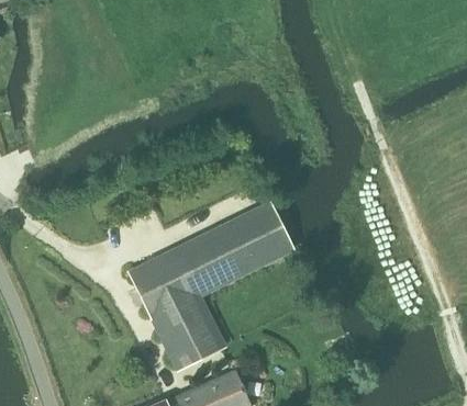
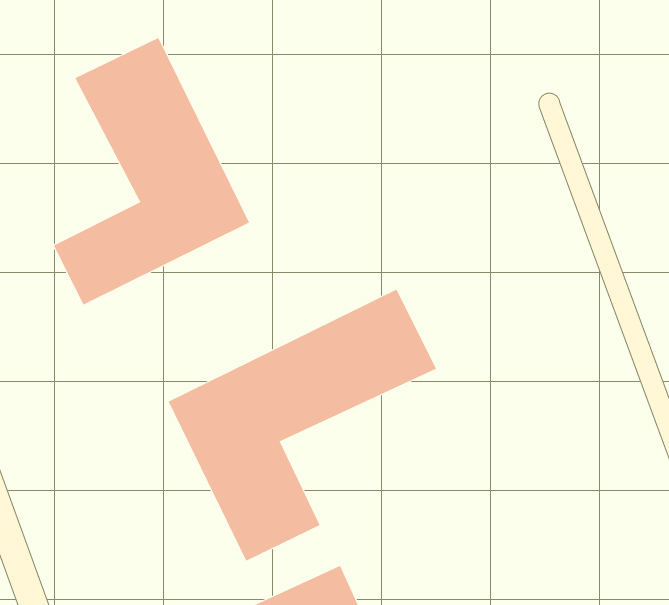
building: none -> [53,37,250,305]

